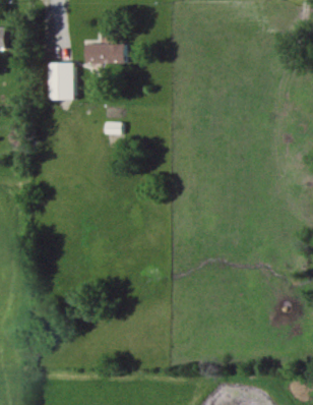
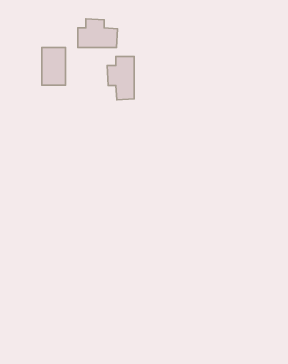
building: none -> [107,56,134,100]

